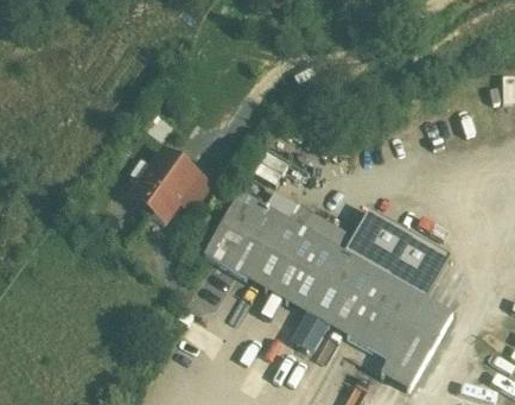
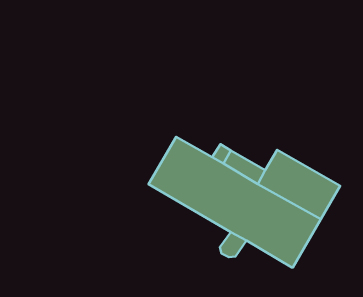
building: [129,150,198,222] -> none
building: [381,295,452,385] -> none

